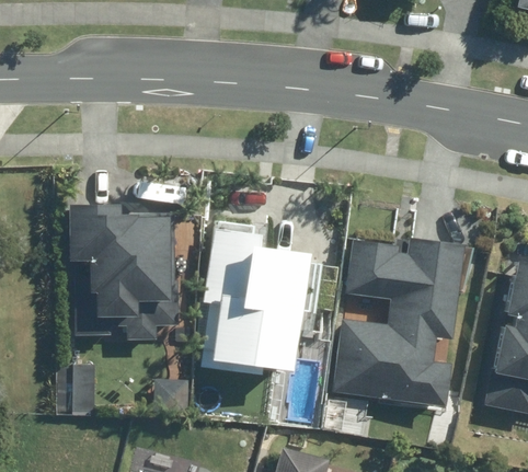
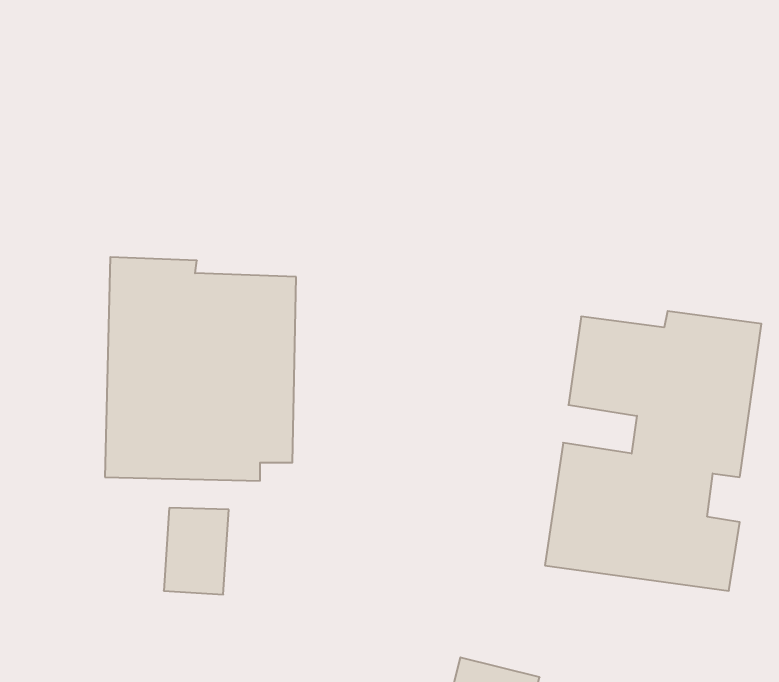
building: [202,226,311,378] -> none
building: [57,362,96,415] -> [164,508,229,594]

